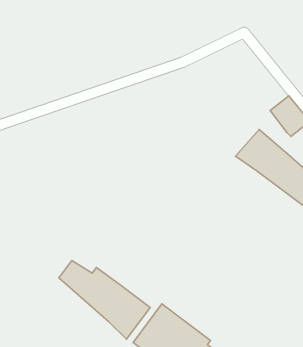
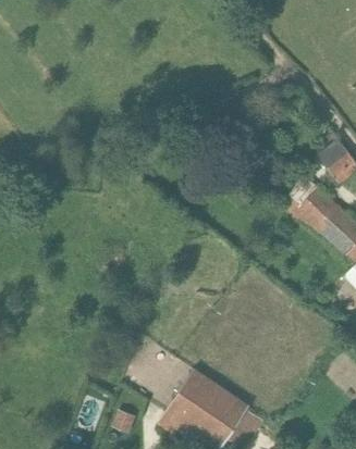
building: [59,260,150,339] -> none

